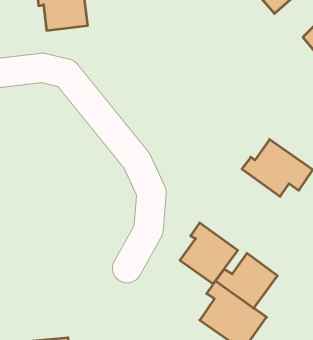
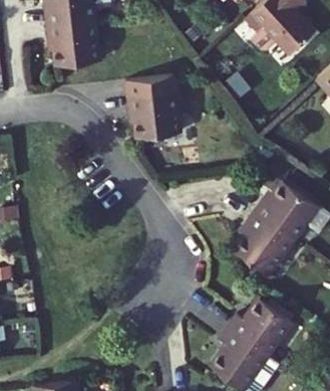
building: none -> [124,79,179,142]
building: [180,223,238,284] -> [235,211,294,273]

